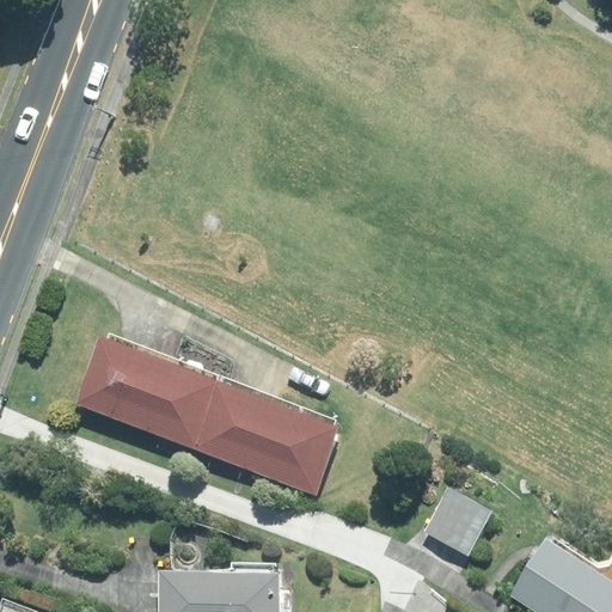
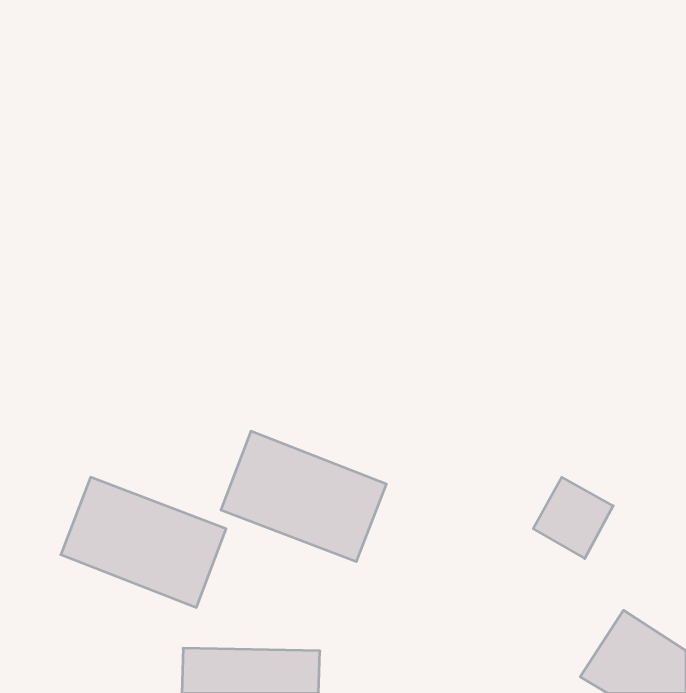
building: [75,335,221,449] -> [61,477,226,607]
building: [422,485,492,557] -> [533,477,613,559]

